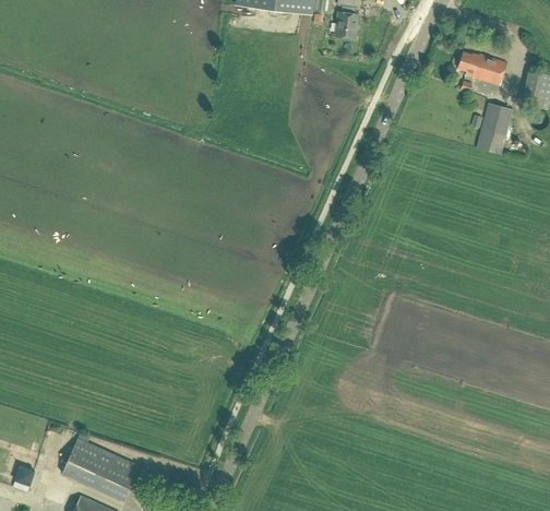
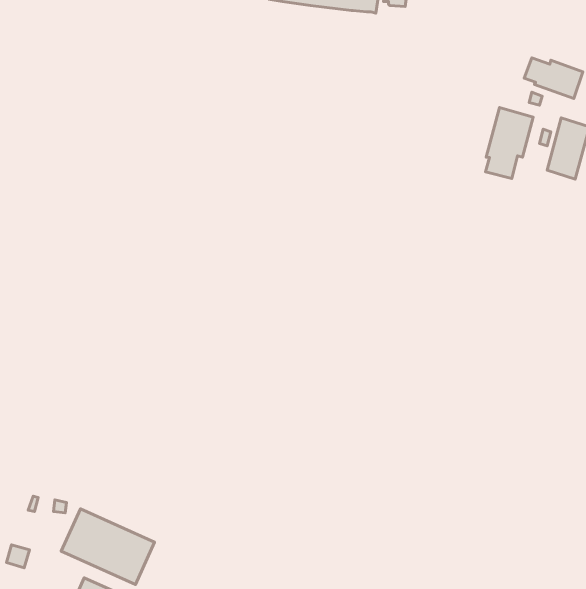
building: [334,7,359,39] -> none
building: none -> [485,107,533,178]

